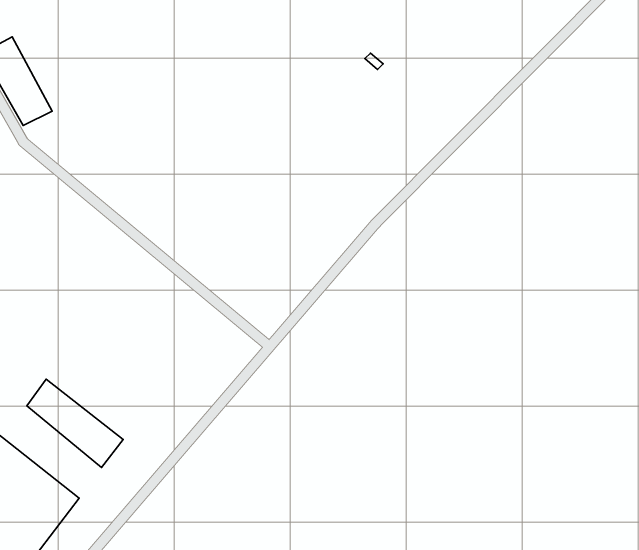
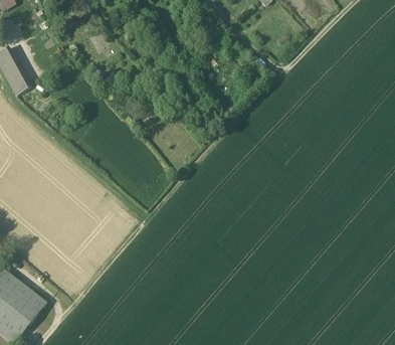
building: [27,379,123,468] -> none

